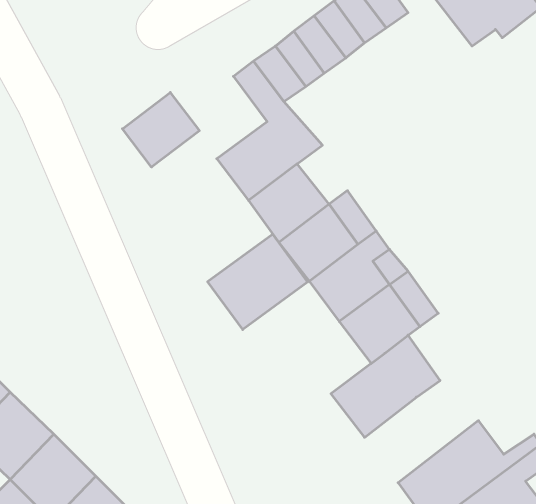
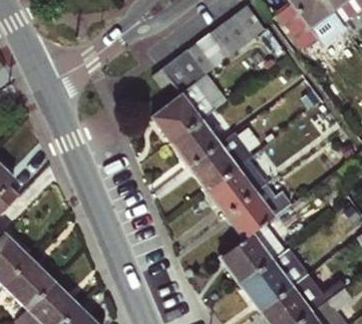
building: [122,92,199,167] -> none
building: [208,234,308,330] -> none
building: none -> [239,247,307,310]

